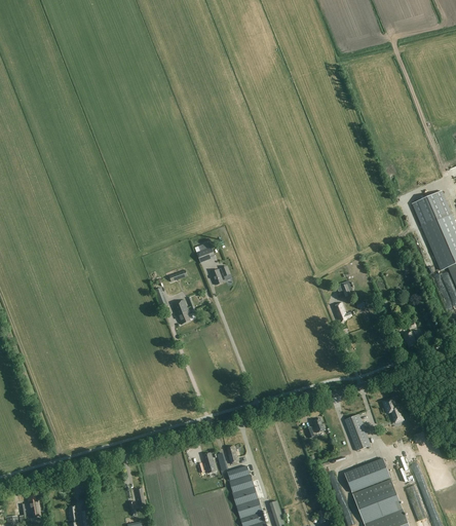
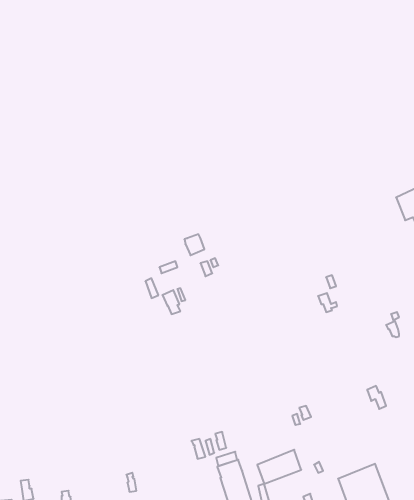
building: [344,414,370,450] -> none
building: [344,457,389,492] -> [257,450,301,484]

